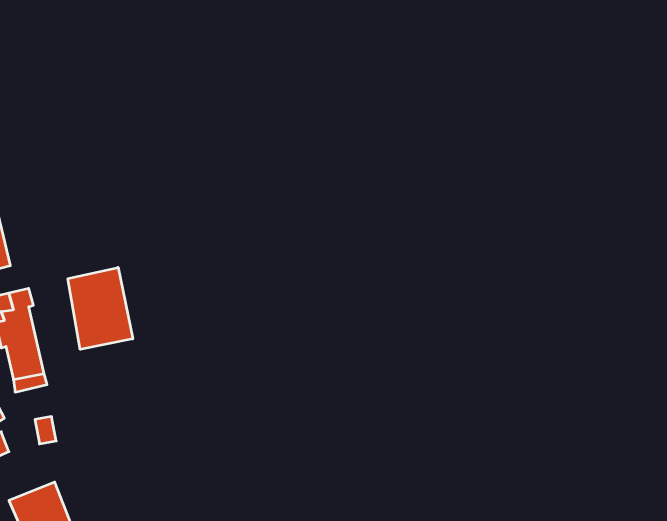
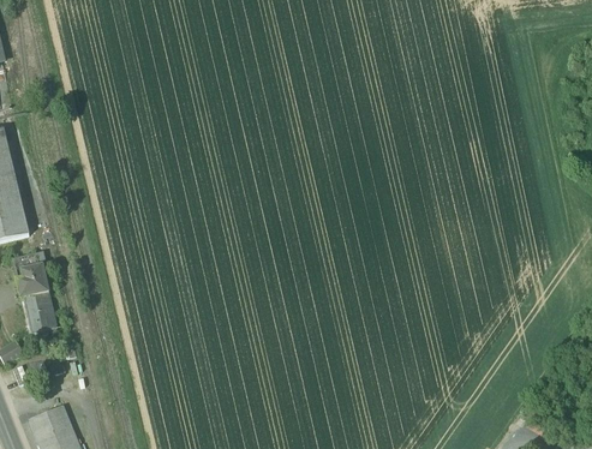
building: [68,267,133,349] -> none

